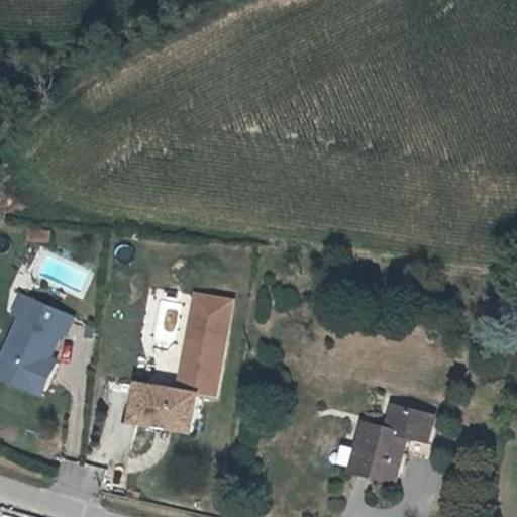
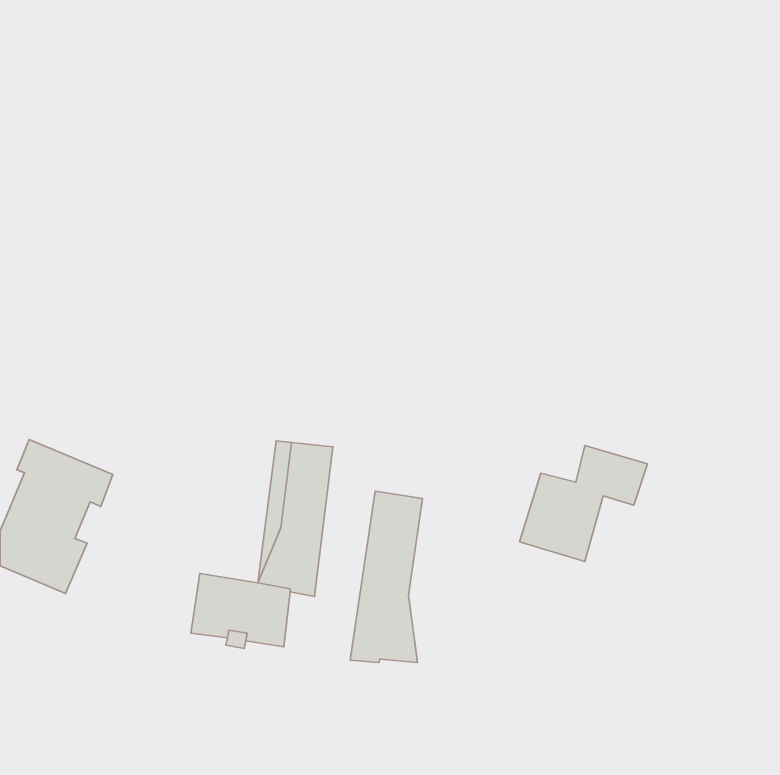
building: none -> [350,491,423,663]
building: [352,414,437,491] -> [519,446,648,562]

